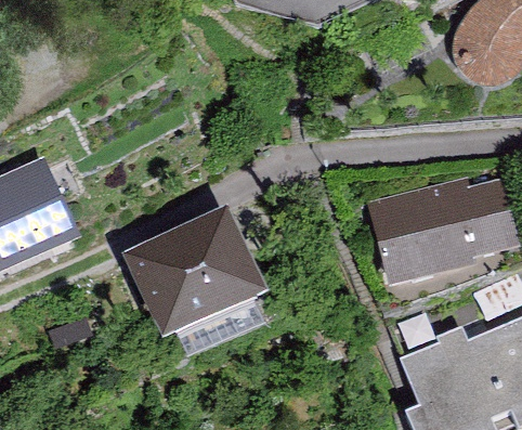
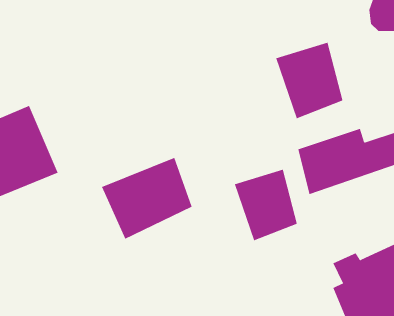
building: none -> [276,42,343,119]
building: none -> [234,169,298,241]

